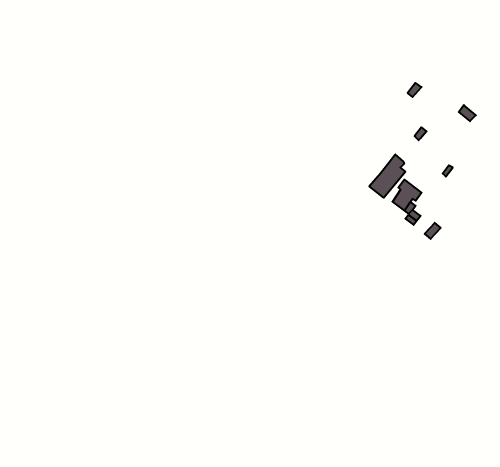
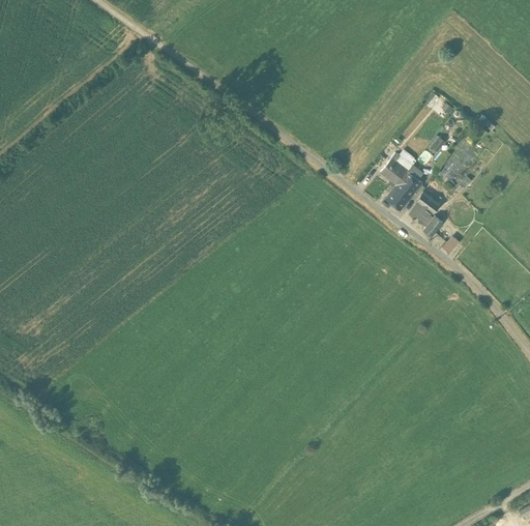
building: none -> [380,155,407,183]

